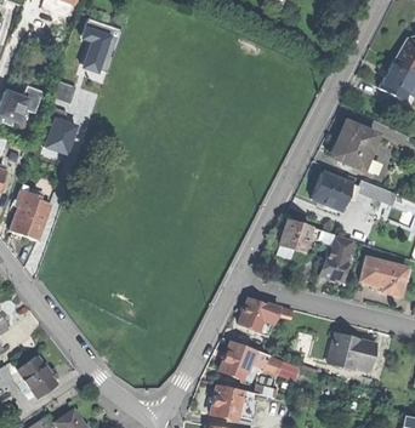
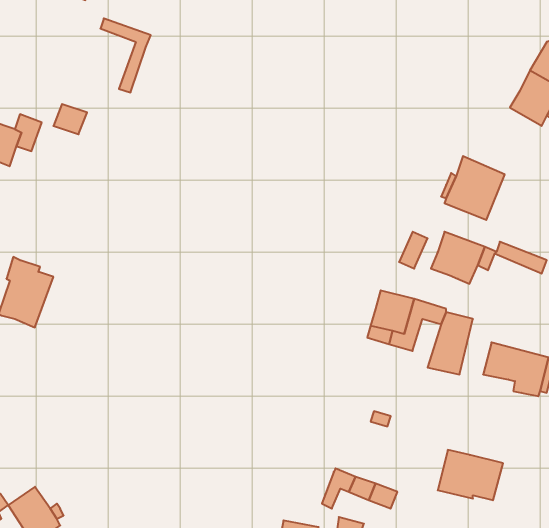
building: [79,28,109,76] -> none
building: [40,119,75,158] -> none
building: [240,293,268,327] -> none
building: [220,339,252,376] -> none

